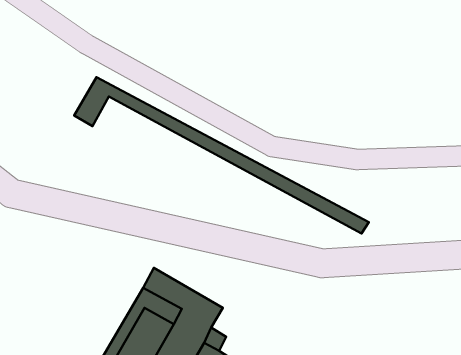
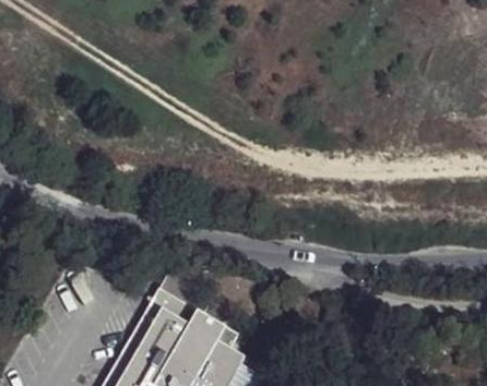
building: [74,77,369,233] -> none

